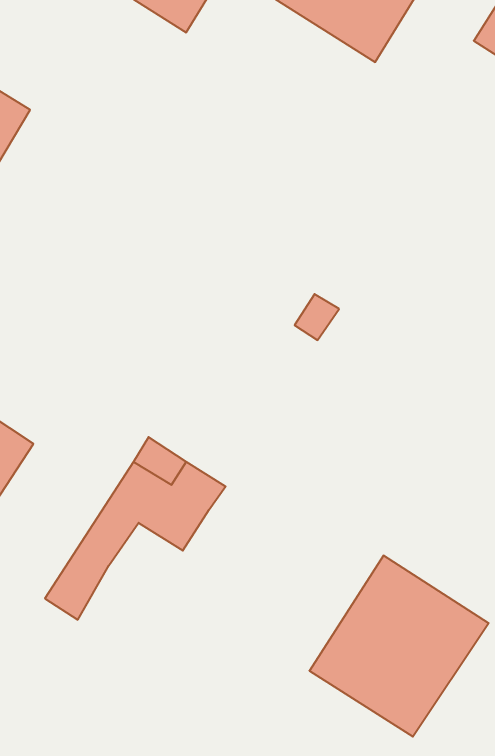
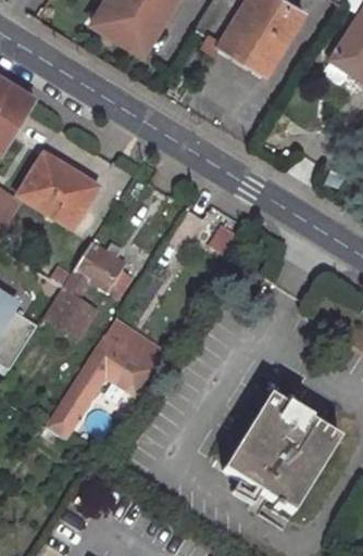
building: none -> [22,153,99,227]
building: none -> [45,241,132,334]

